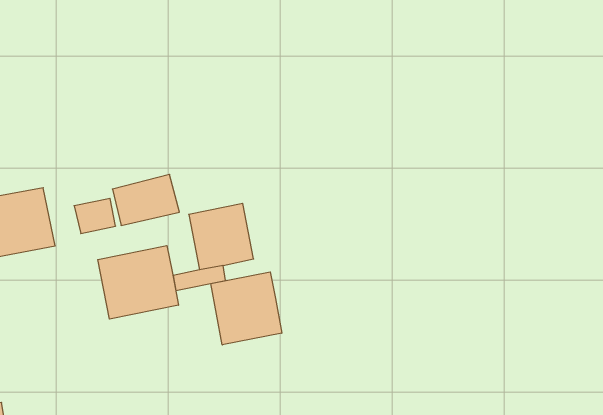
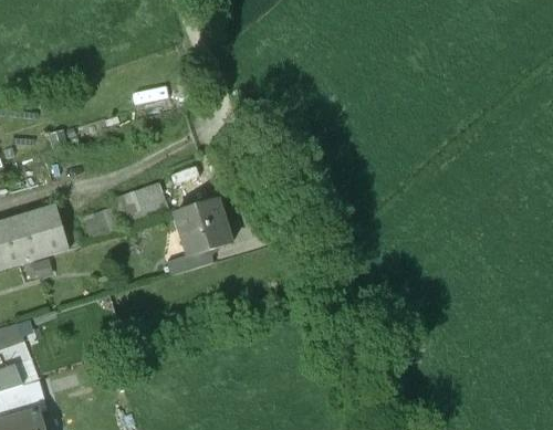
building: [98,246,178,319] -> none
building: [211,272,282,345] -> none

